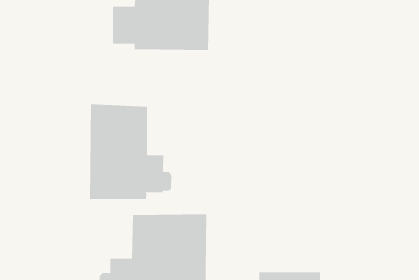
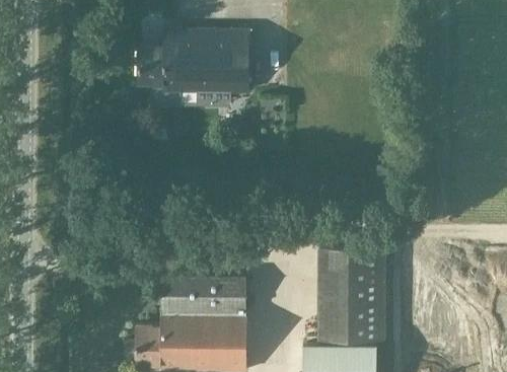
building: [90,104,172,200] -> none
building: none -> [318,245,384,338]

